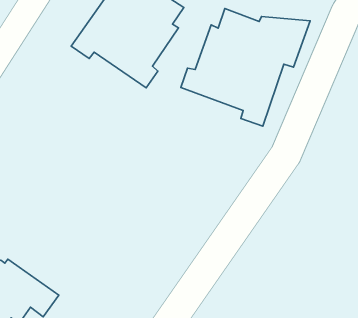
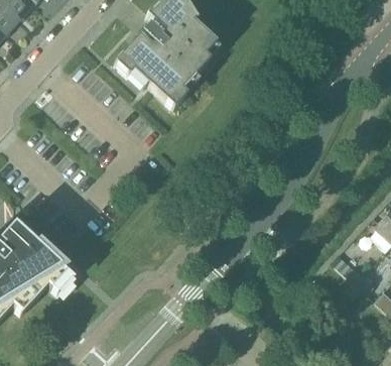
building: [181,8,310,126] -> none

